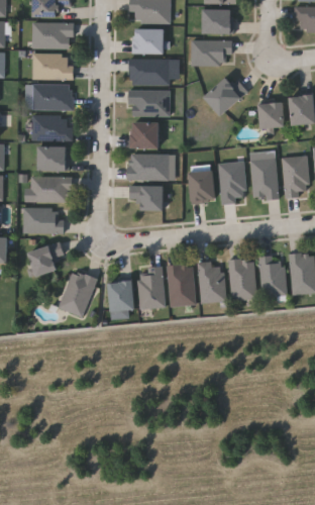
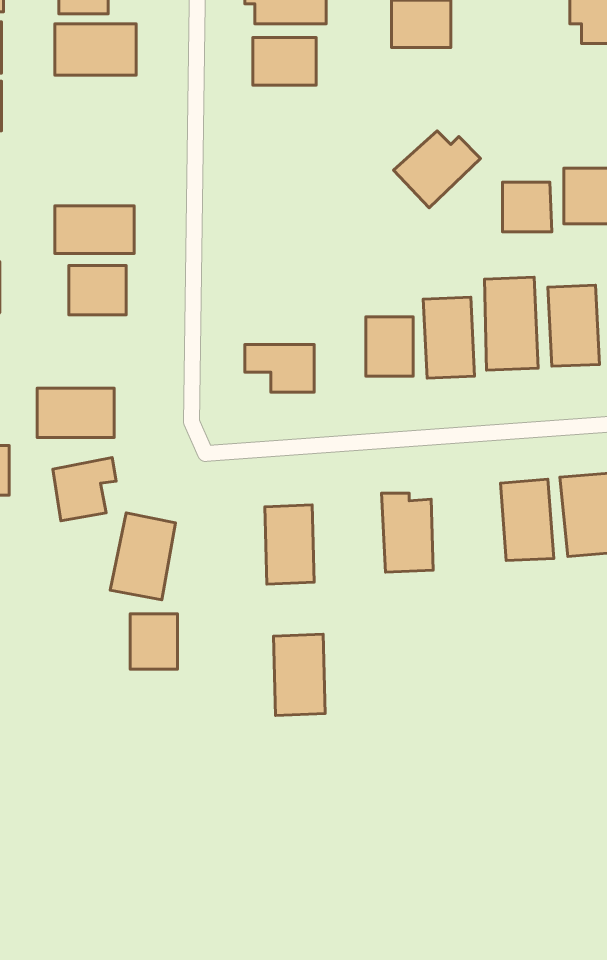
building: [191,40,231,66] -> none
building: [31,54,73,79] -> none
building: [129,59,170,85] -> none
building: [31,84,73,110] -> none
building: [129,90,170,115] -> none
building: [131,122,159,148] -> none
building: [128,154,175,180] -> none
building: [30,177,70,202] -> none
building: [228,258,255,300] -> none
building: [168,265,194,306] -> [274,634,325,715]
building: [109,282,133,310] -> [130,614,178,669]

